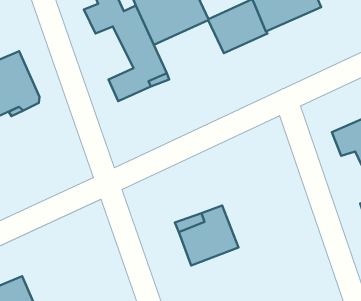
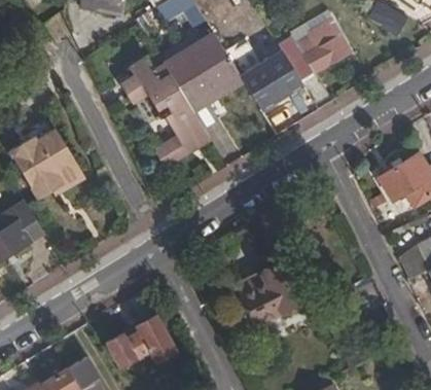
building: none -> [105,315,172,366]

